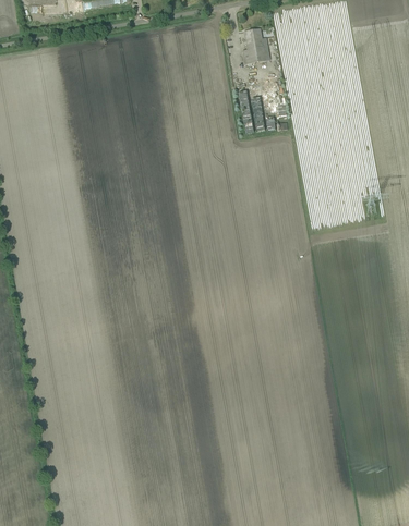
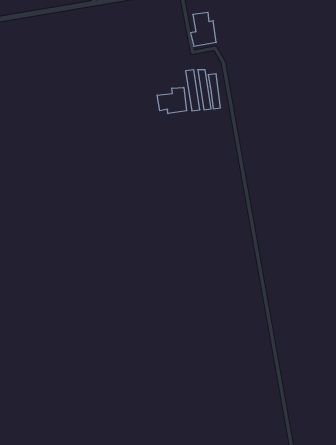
building: none -> [157,87,187,114]

